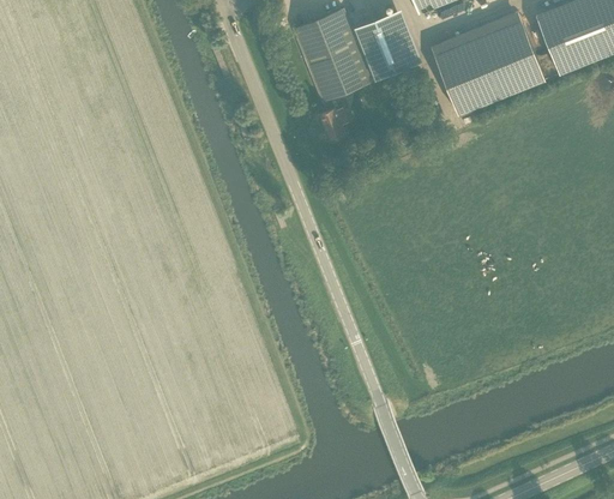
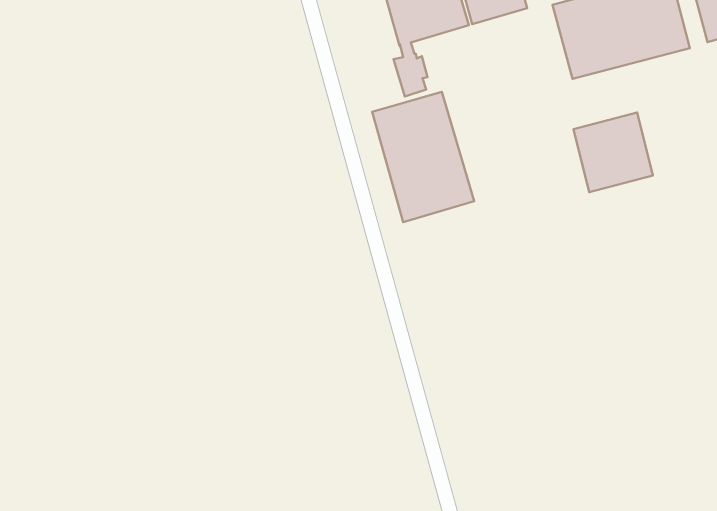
building: none -> [573,112,653,192]
building: none -> [372,92,474,222]

